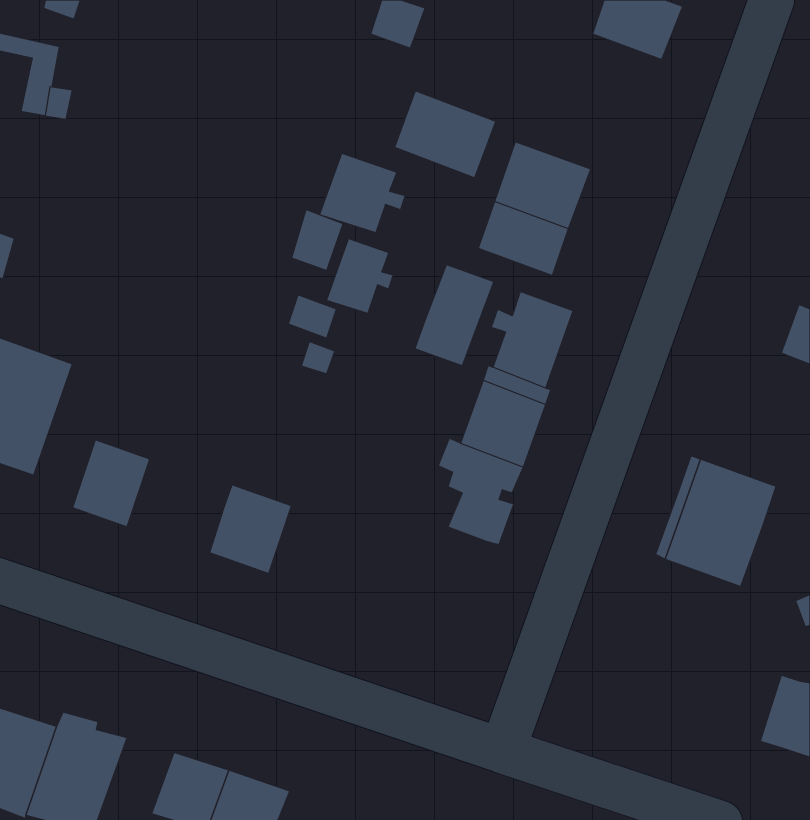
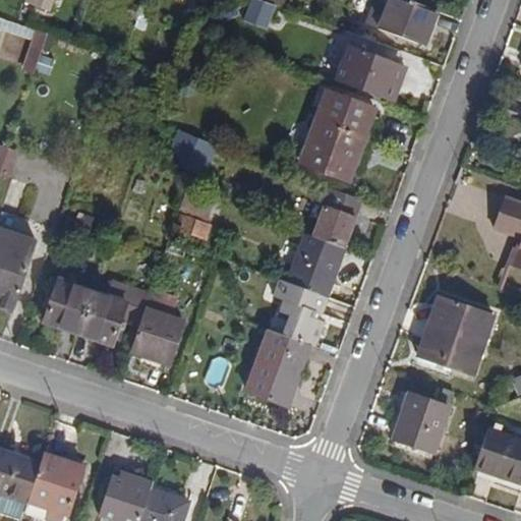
building: [394,91,496,178] -> [337,44,401,99]
building: [320,153,405,233] -> none
building: [326,239,393,314] -> none
building: [415,264,494,366] -> none
building: none -> [80,281,152,346]
building: none -> [247,330,307,406]
building: none -> [396,395,451,454]

